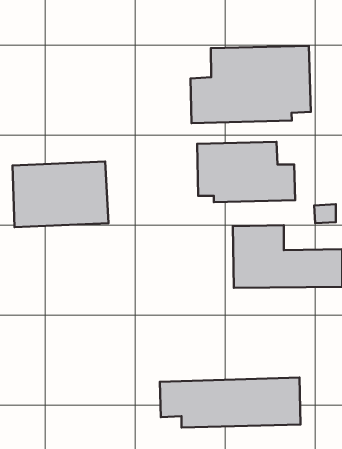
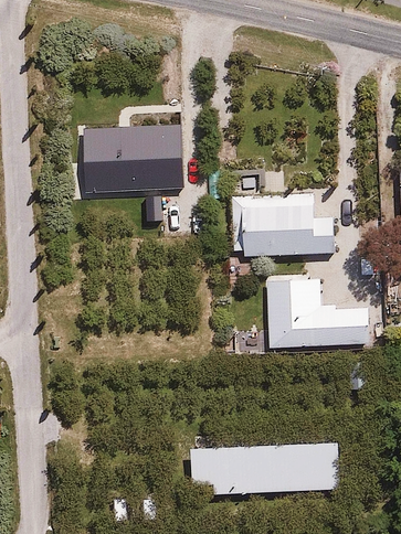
building: [191,46,311,123] -> none
building: [12,161,108,227] -> [82,127,183,196]

